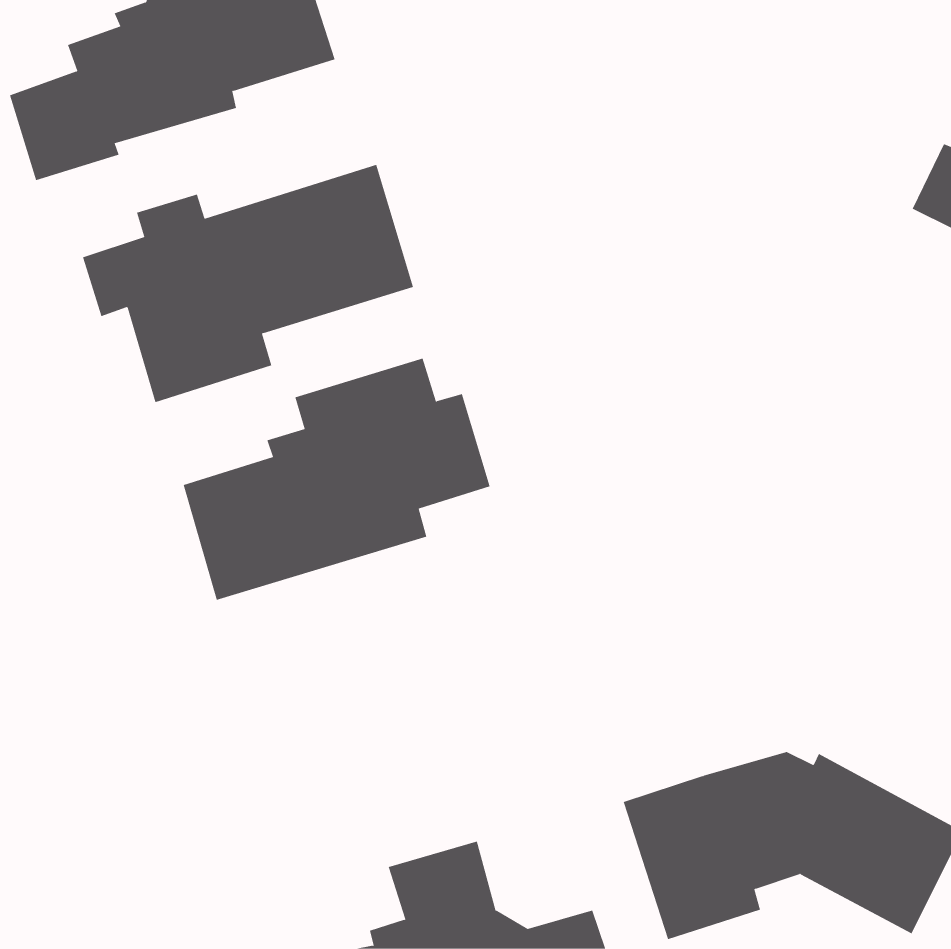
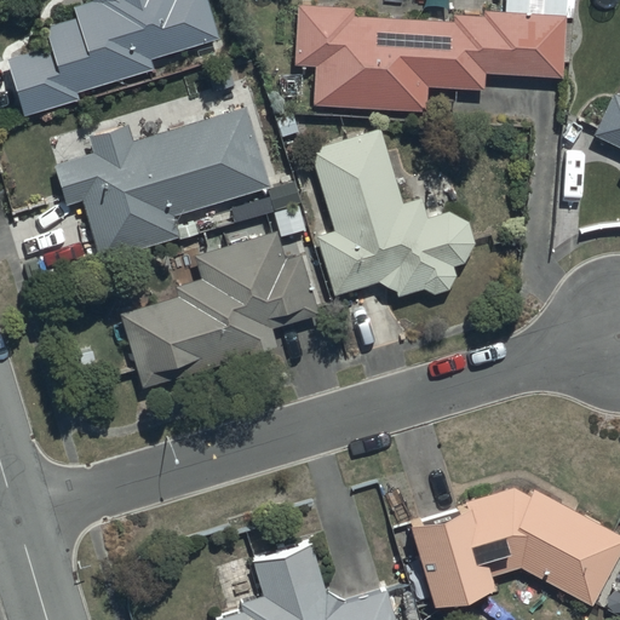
building: none -> [295,7,564,111]
building: none -> [309,131,475,298]

